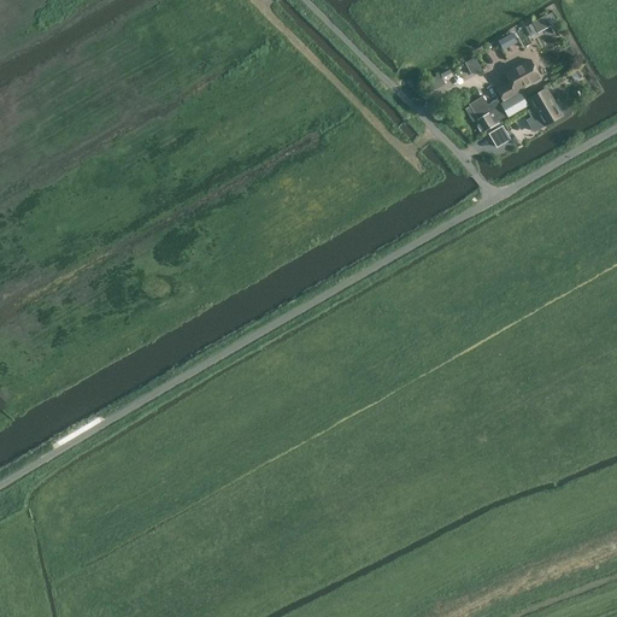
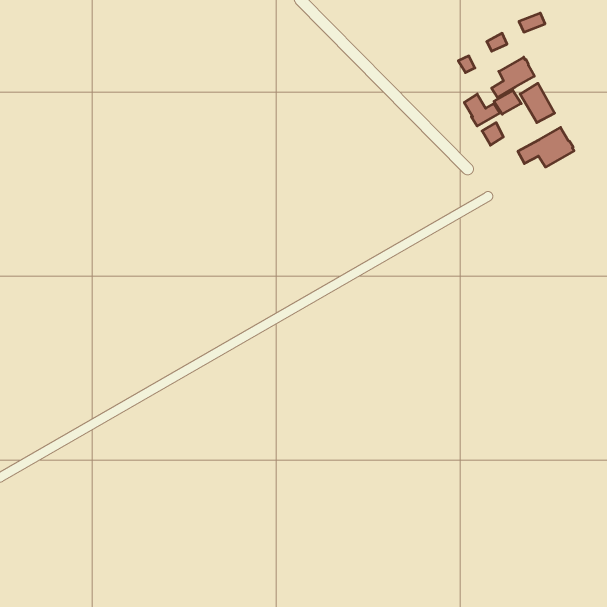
building: none -> [518,127,574,167]

